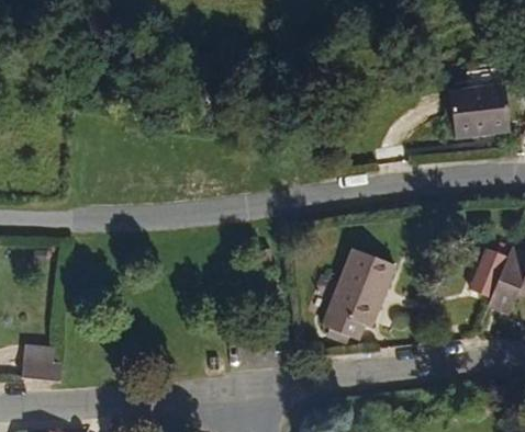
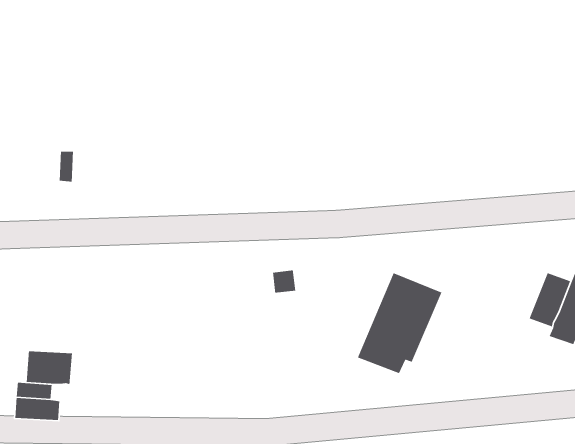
building: [434,91,493,139] -> none
building: none -> [26,350,73,385]

